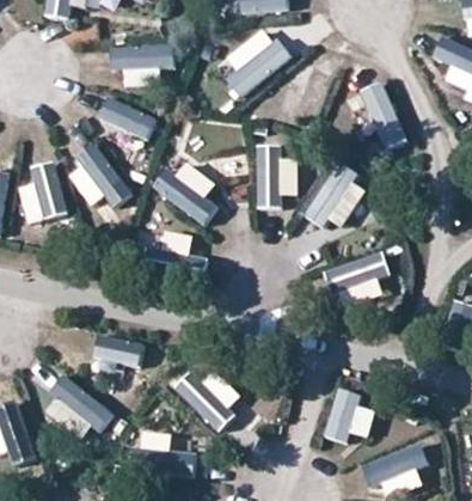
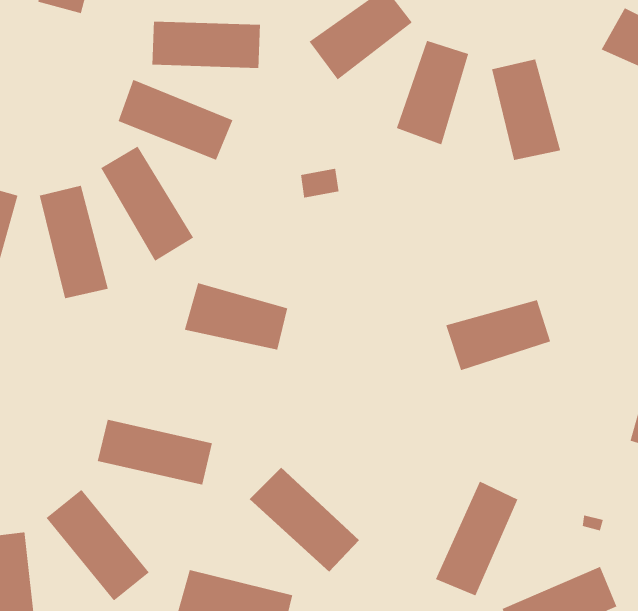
building: [250,152,288,221] -> none
building: [159,165,232,231] -> none
building: [298,176,364,249] -> none

